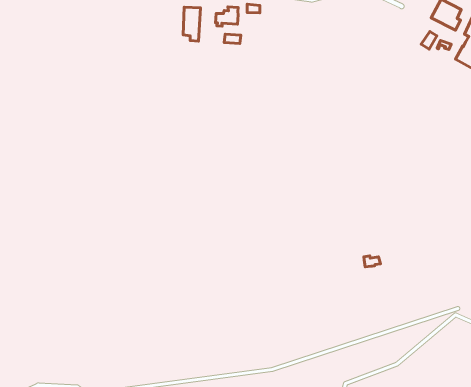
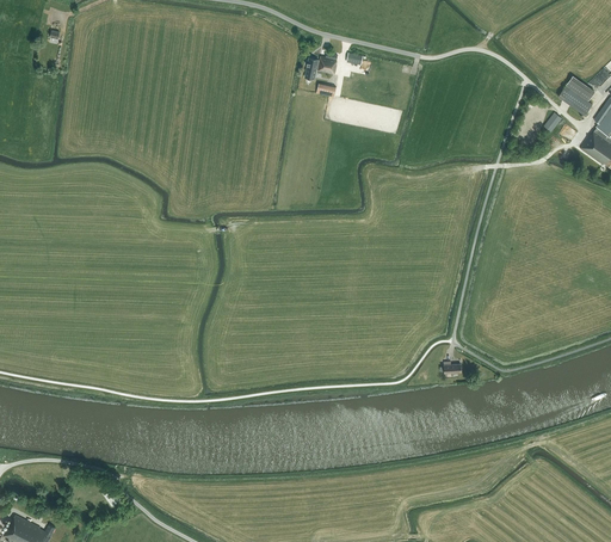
building: [183,7,201,41] -> none

